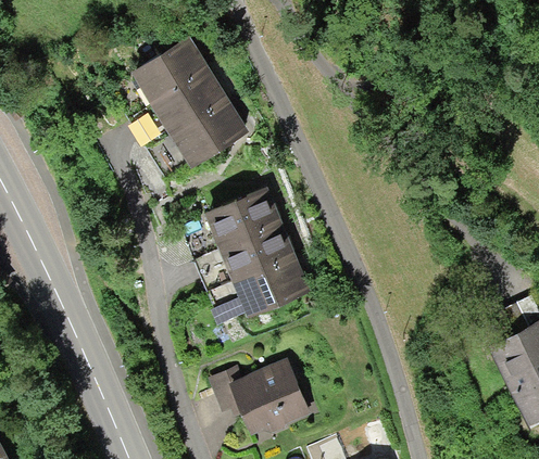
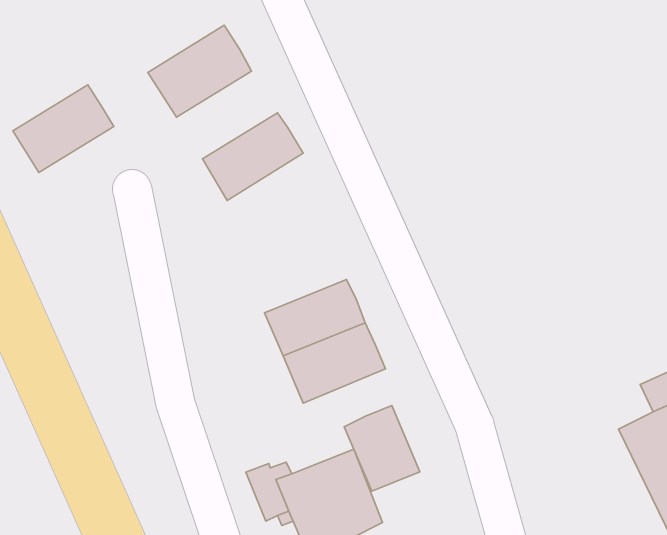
building: [154,71,230,137] -> [13,85,114,173]
building: [205,191,283,253] -> none
building: none -> [344,406,420,491]

